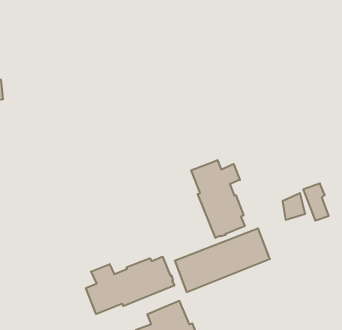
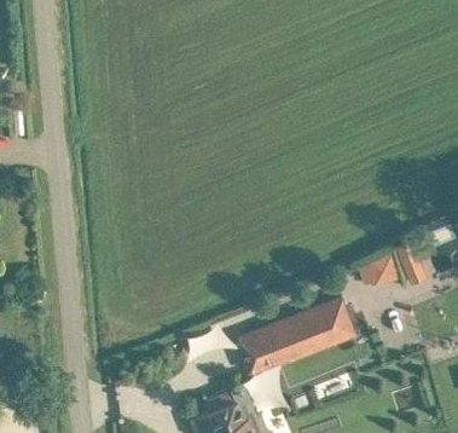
building: [191,160,245,238] -> none
building: [86,257,174,314] -> none

